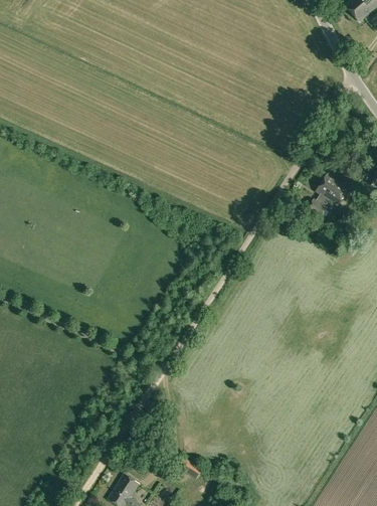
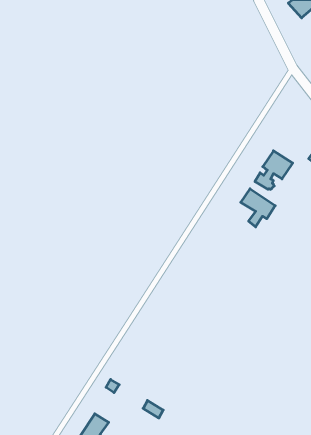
building: none -> [241,189,275,227]

